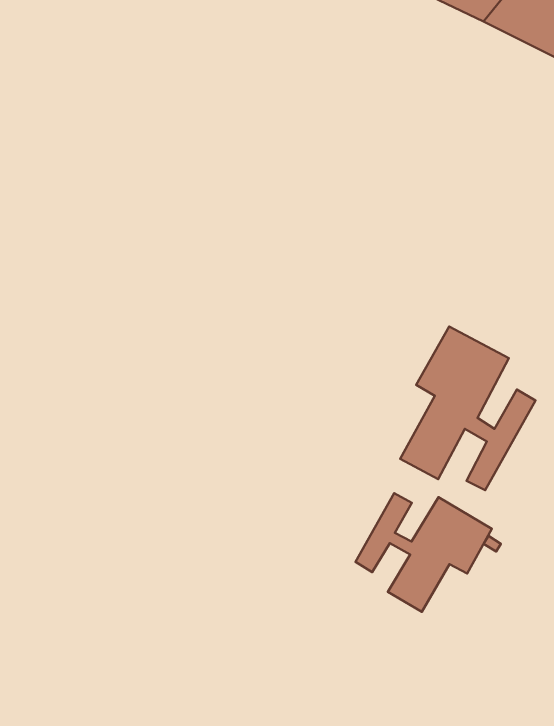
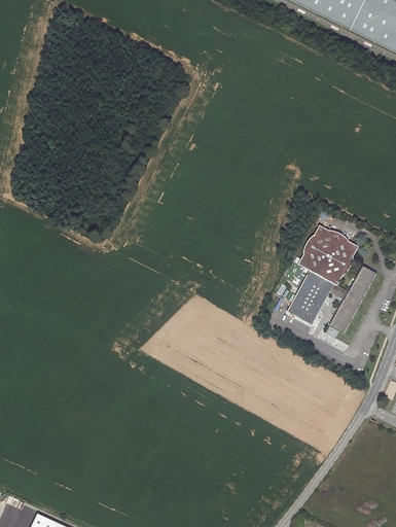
building: [355,493,492,612] -> none

